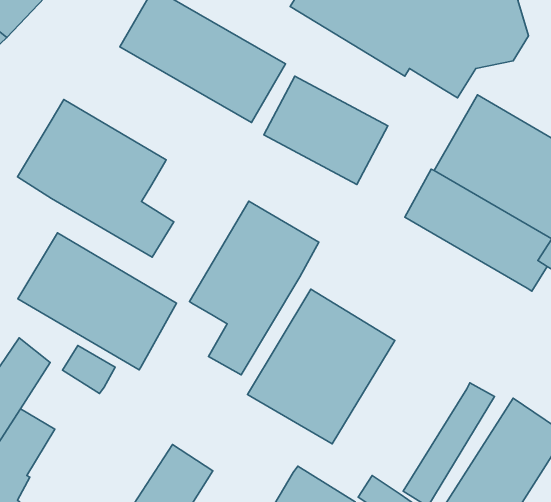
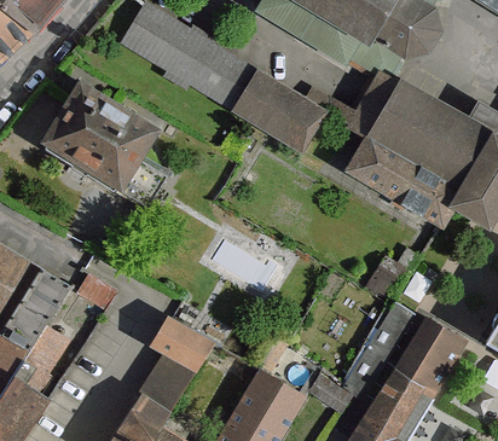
building: [189,201,319,375] -> none
building: [18,233,177,370] -> none
building: [248,289,395,444] -> none
building: none -> [149,318,214,372]

